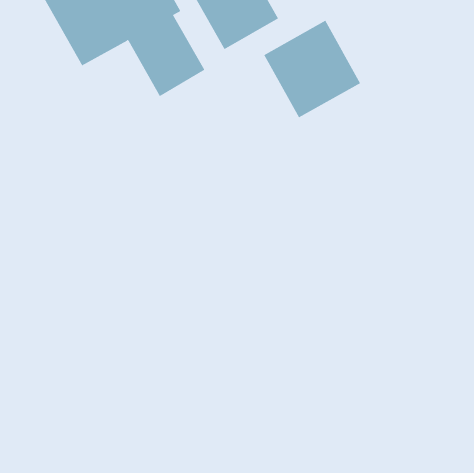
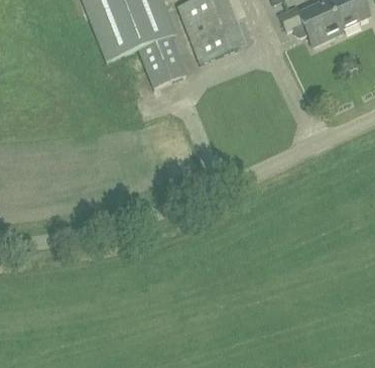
building: [264,20,361,118] -> none

